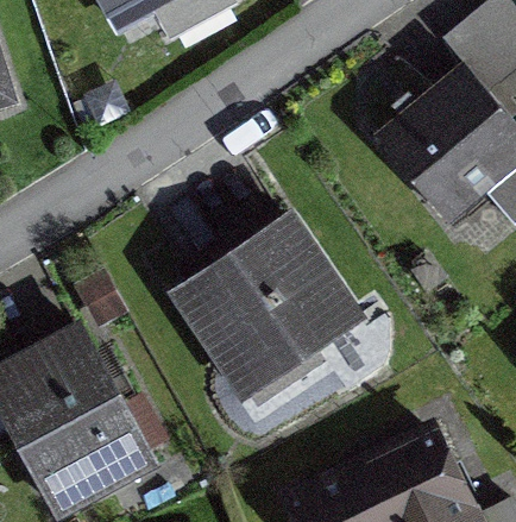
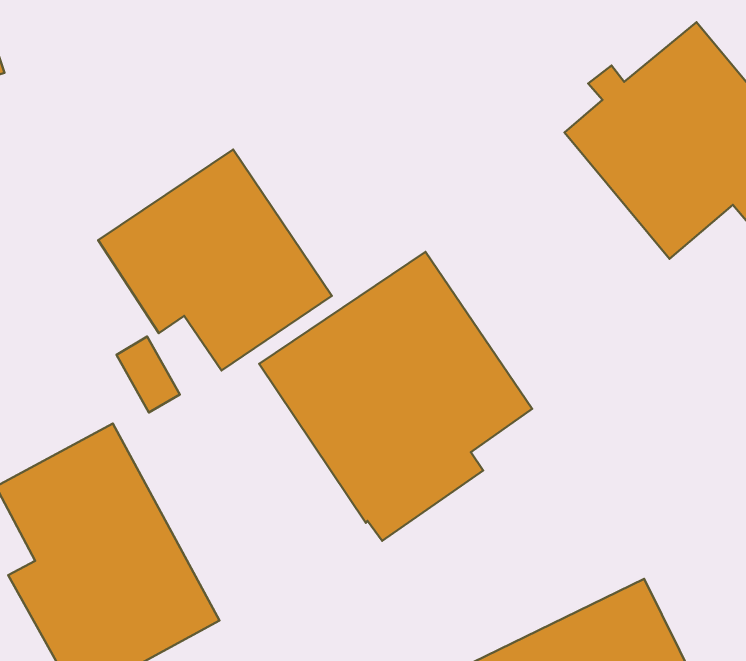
building: none -> [98,150,332,371]

